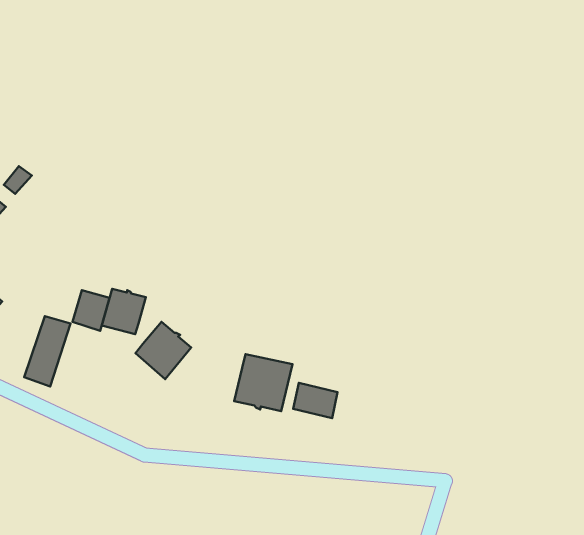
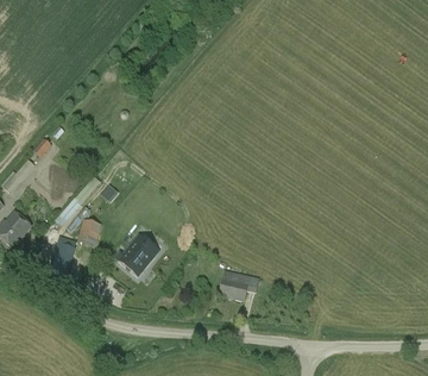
building: [102,289,146,334] -> none
building: [234,354,292,411] -> none

